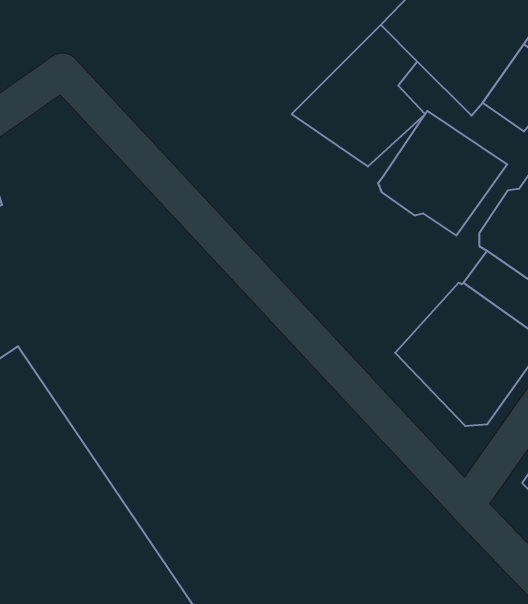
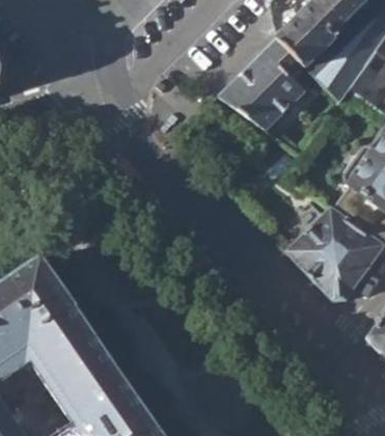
building: [378,111,507,236] -> none

